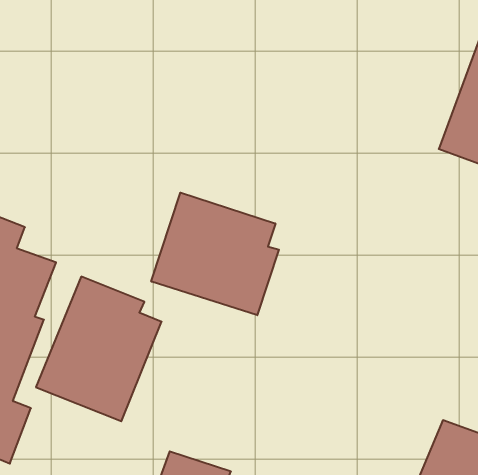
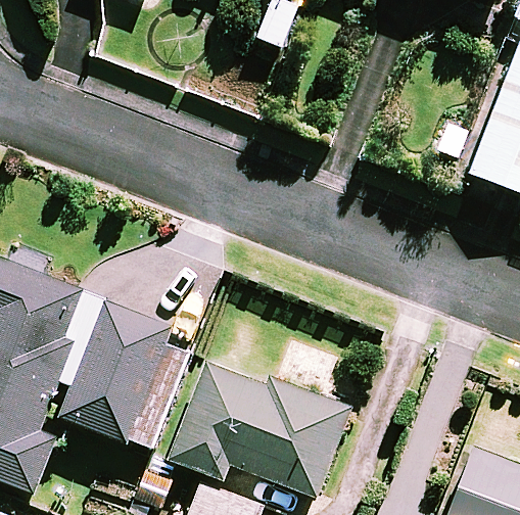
building: [151,193,279,315] -> none
building: none -> [172,361,349,496]

